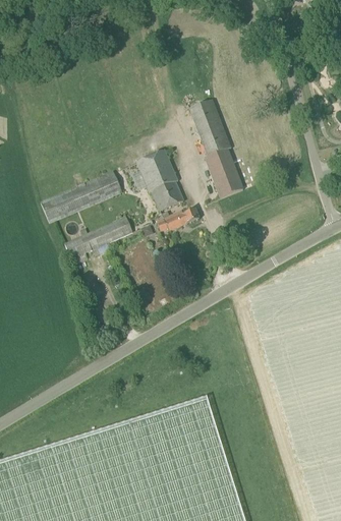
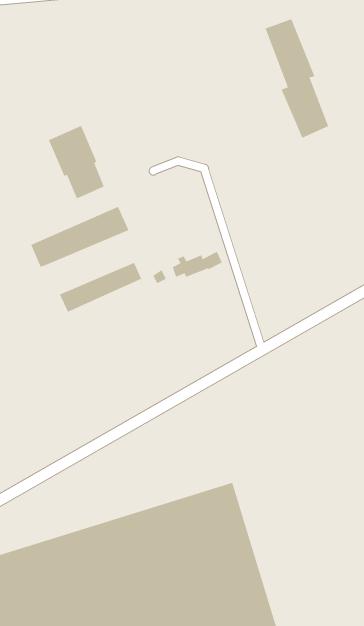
building: [189,101,242,199] -> [264,18,329,139]
building: [136,151,183,212] -> [48,125,105,199]

